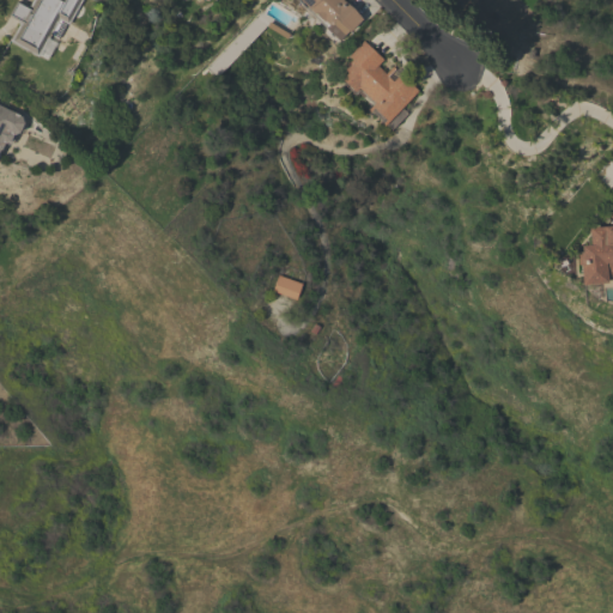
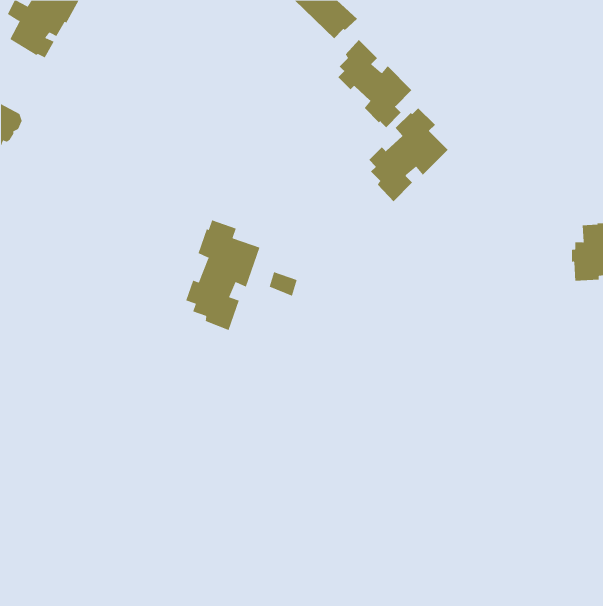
building: none -> [368,107,448,202]
building: none -> [186,220,260,331]

